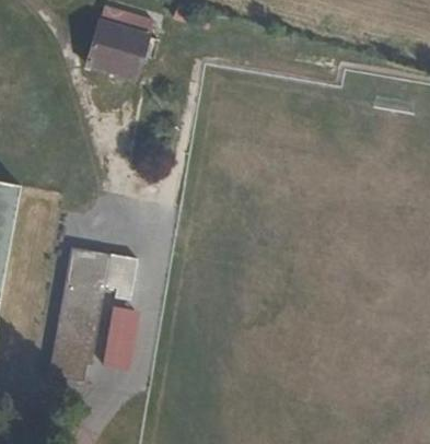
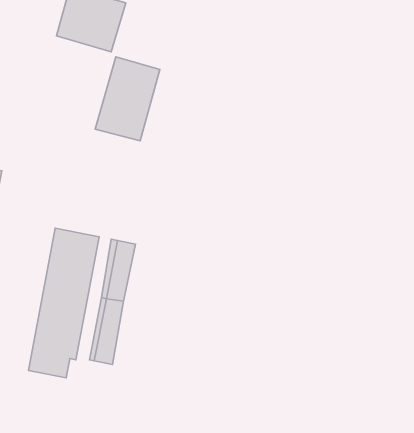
building: none -> [95,57,160,141]

